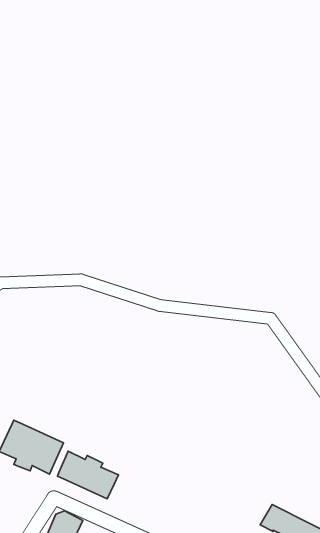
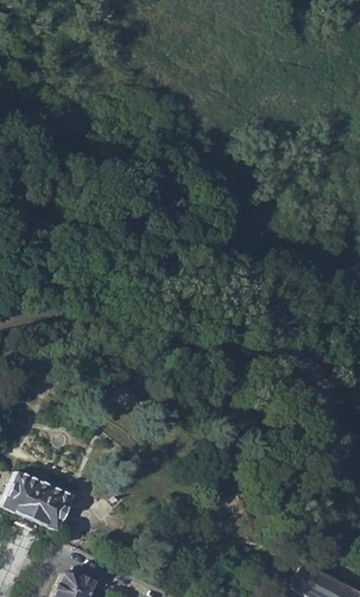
building: [57,451,119,499] -> none

